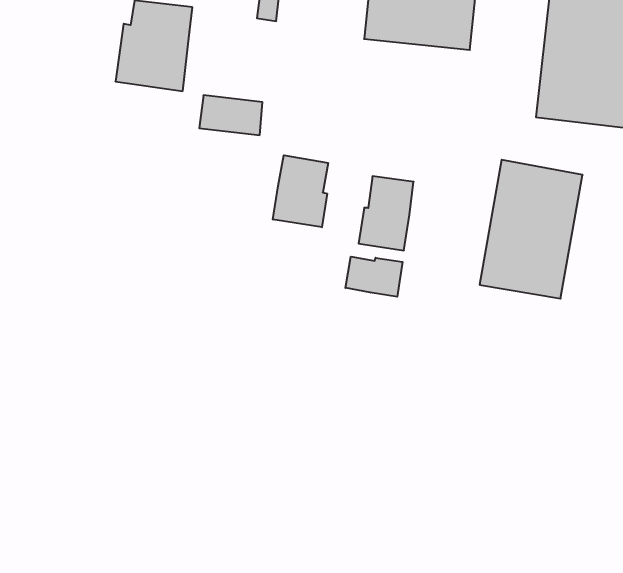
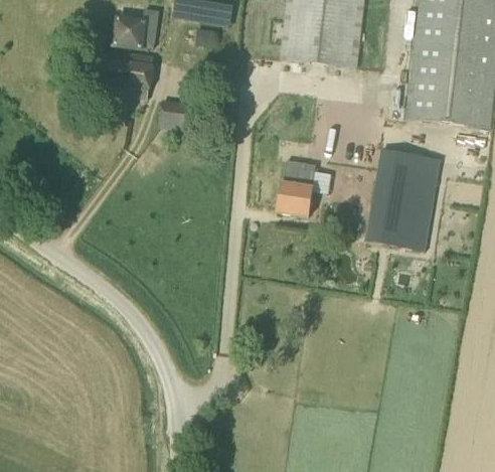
building: [273,155,328,227] -> none
building: [345,257,403,297] -> none

